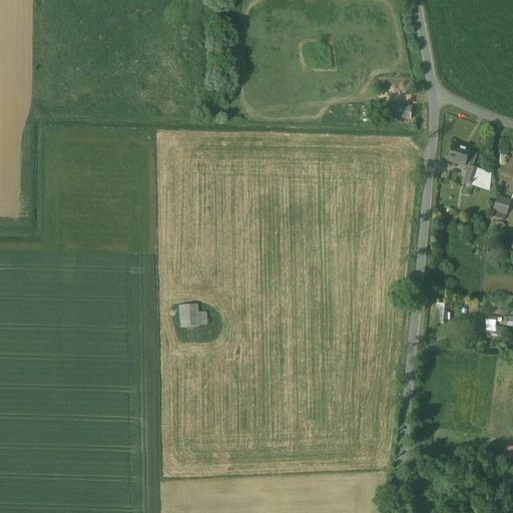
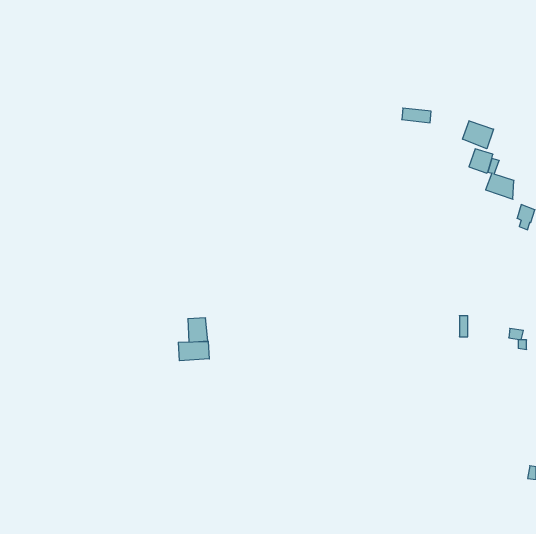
building: none -> [463,121,494,149]
building: none -> [178,341,209,361]

